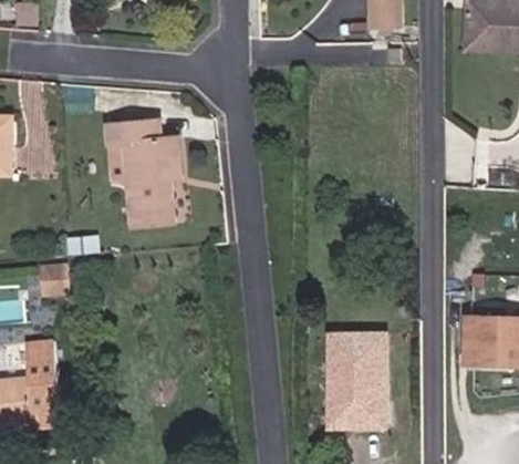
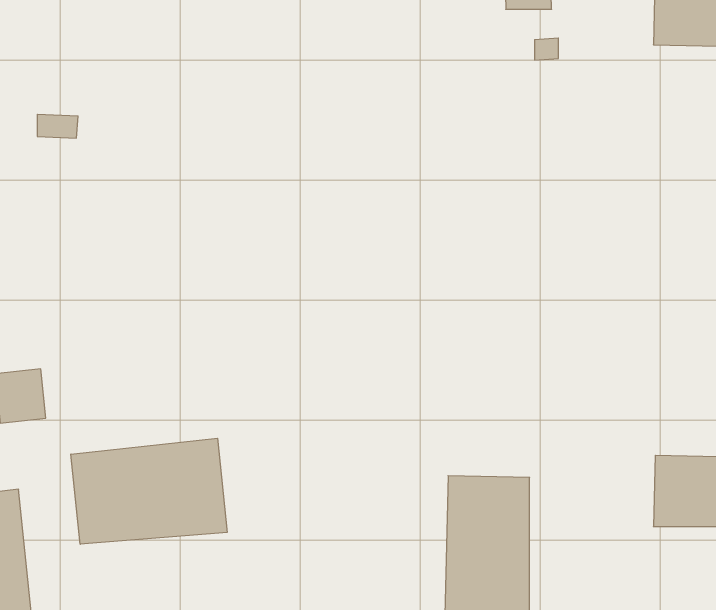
building: [106,121,179,227] -> none
building: none -> [71,438,227,544]

